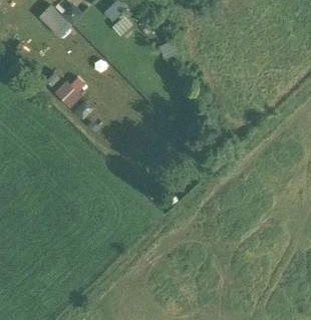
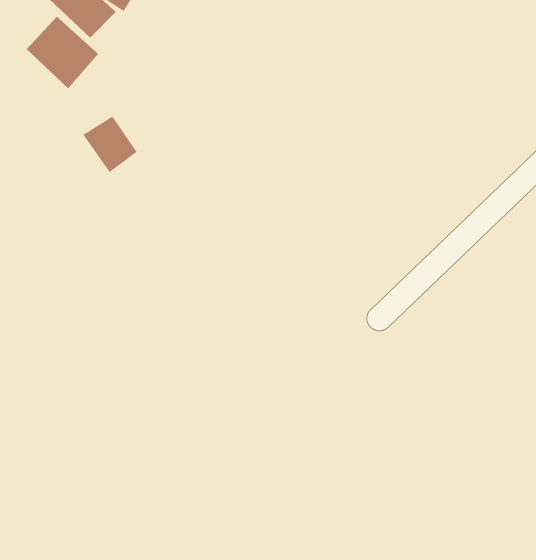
building: none -> [26,16,99,89]

